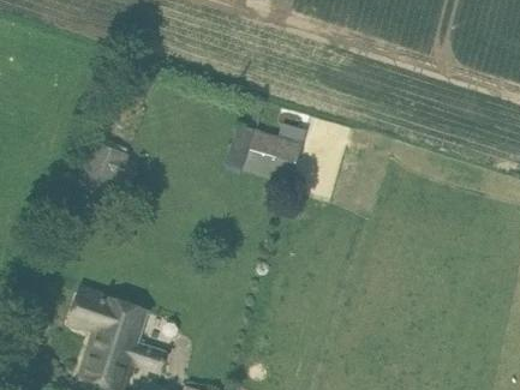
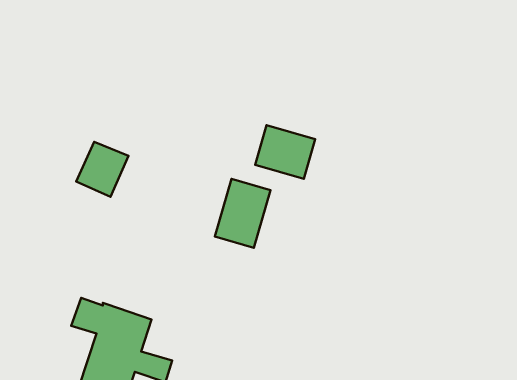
building: none -> [215,179,270,248]

